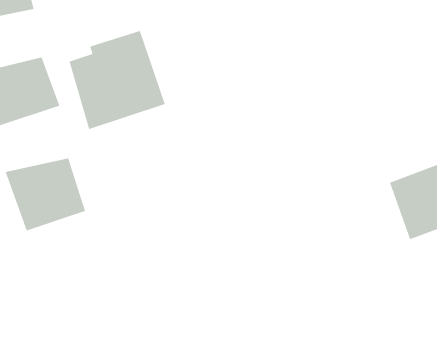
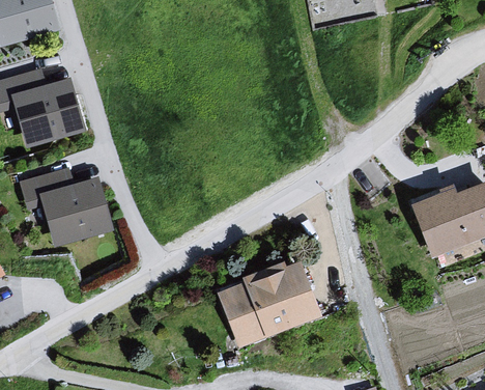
building: [69,30,166,130] -> none
building: none -> [212,266,320,345]

